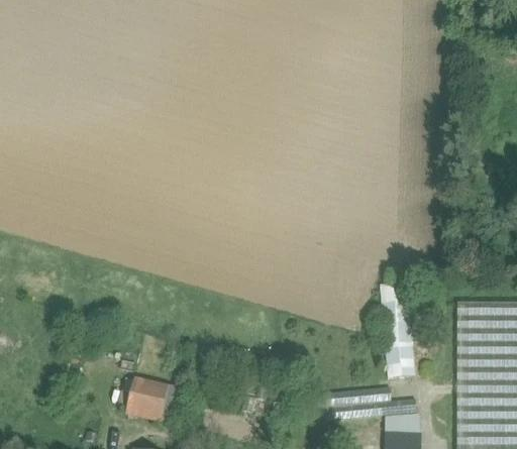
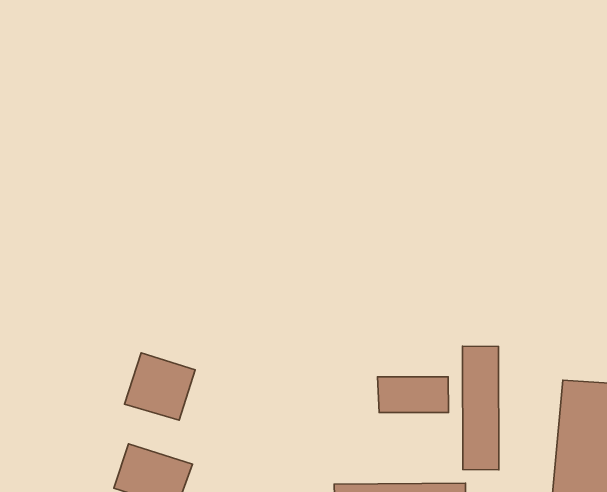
building: none -> [377,377,449,413]
building: none -> [124,353,195,420]

